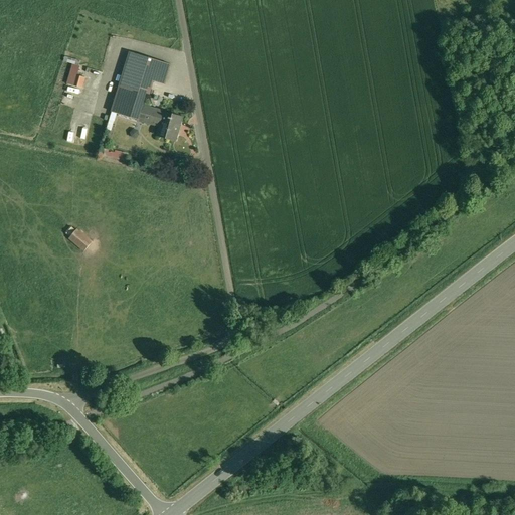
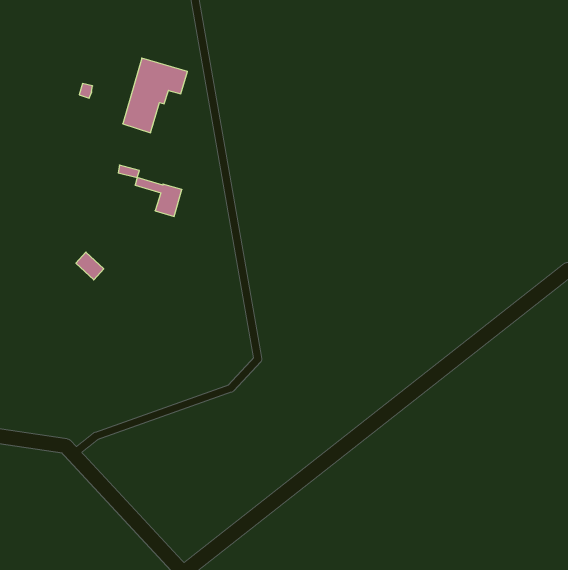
building: [138,106,180,141] -> [135,177,182,216]

